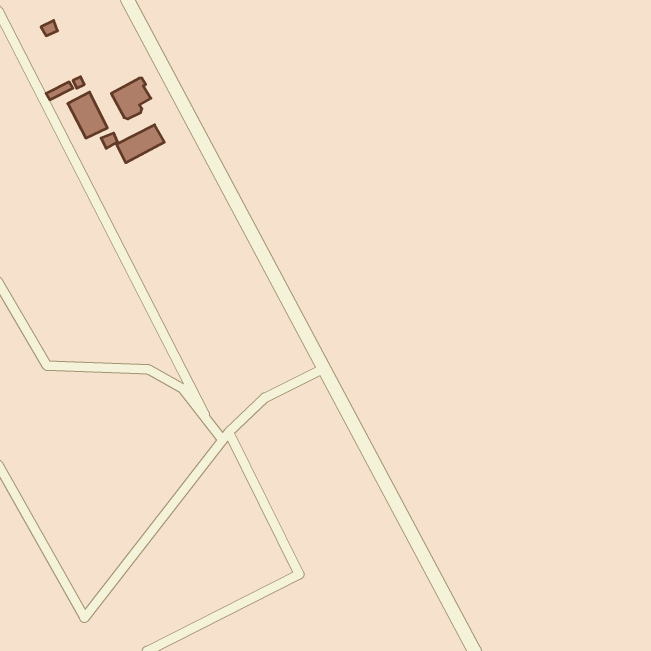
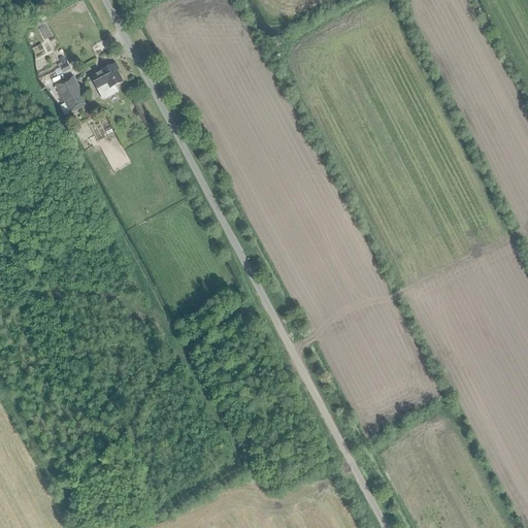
building: [117,125,164,163] -> none

